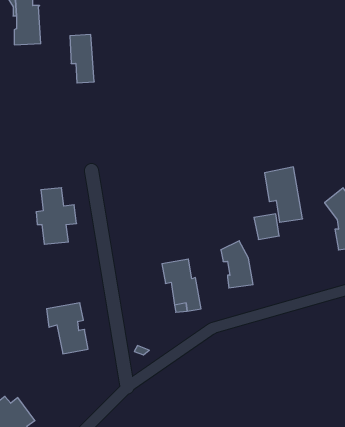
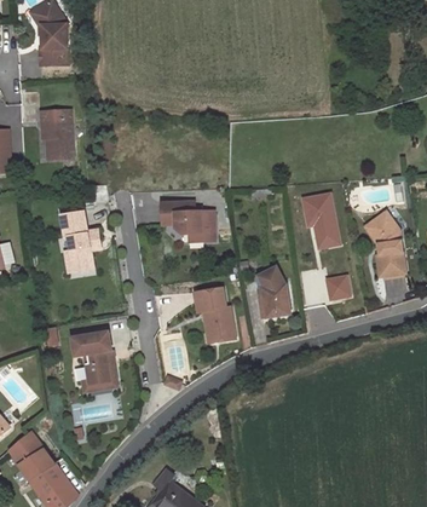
building: [70,35,94,83] -> [48,108,74,159]
building: none -> [161,202,215,242]
building: [254,214,279,239] -> [325,273,352,300]

